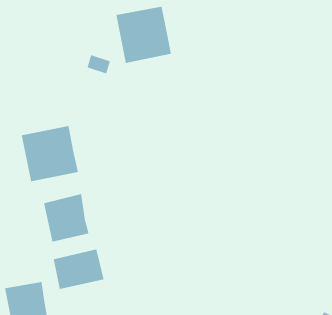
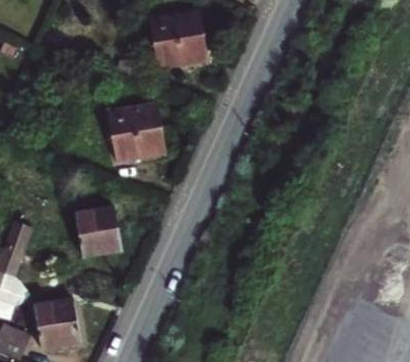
building: [21,125,79,182] -> [105,102,165,162]
building: [53,249,105,290] -> none

